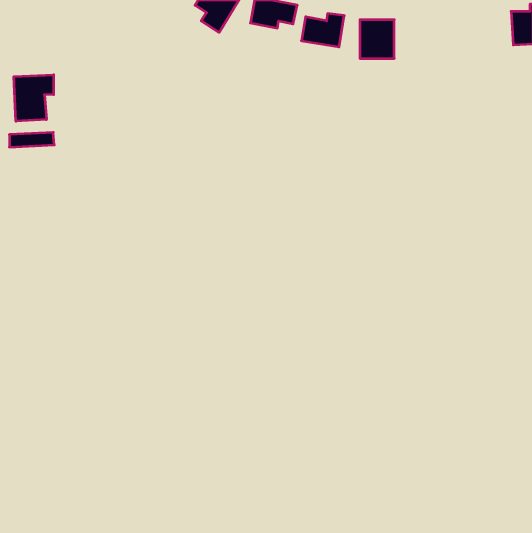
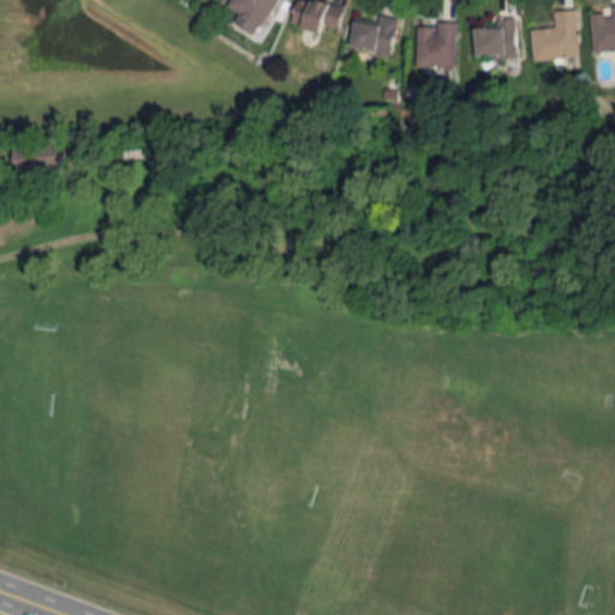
building: none -> [531,10,578,59]
building: none -> [473,23,517,58]
building: [14,75,54,121] -> none

